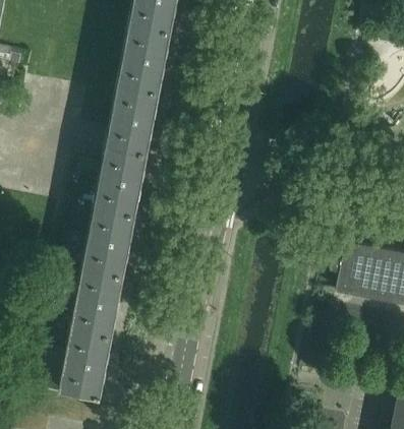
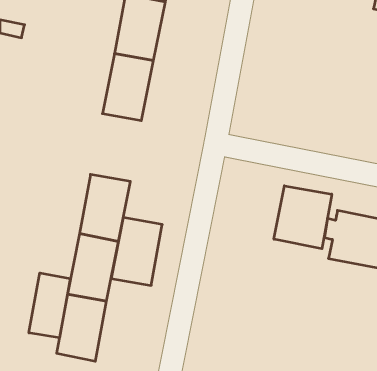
building: [95,144,147,213] -> [111,218,162,285]
building: none -> [274,186,332,249]
building: none -> [29,273,70,338]

